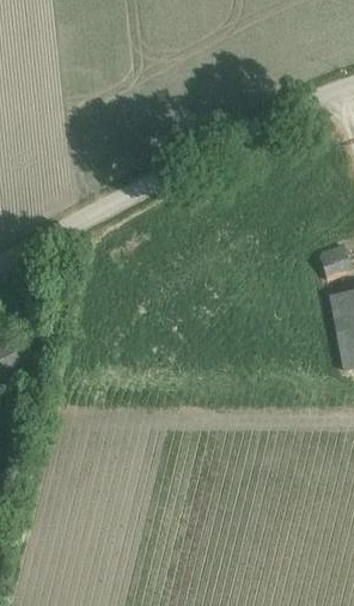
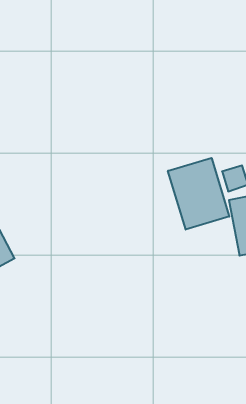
building: none -> [168,158,229,230]

